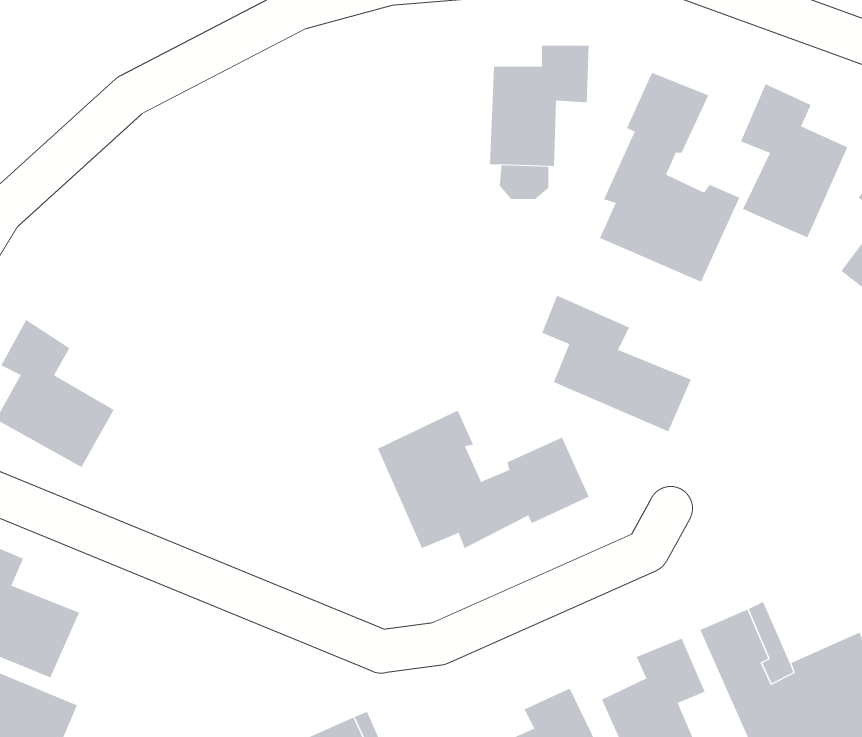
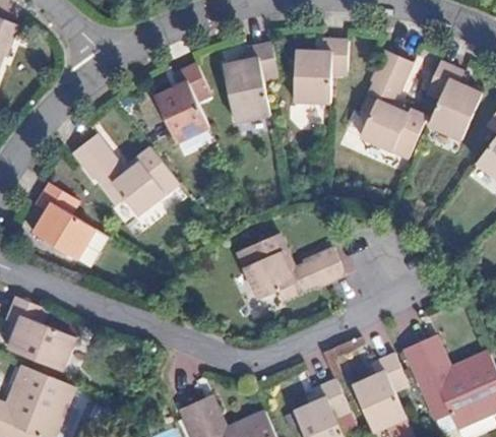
building: none -> [222,41,276,118]
building: none -> [151,62,207,145]
building: none -> [71,138,179,218]
building: [541,295,691,432] -> none

